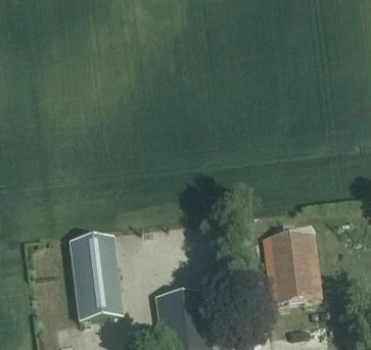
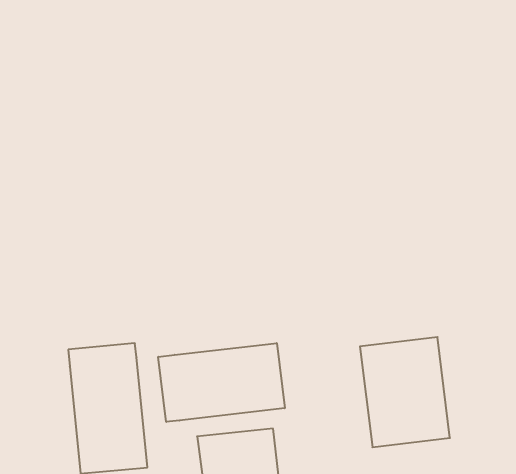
building: none -> [158,343,285,422]

